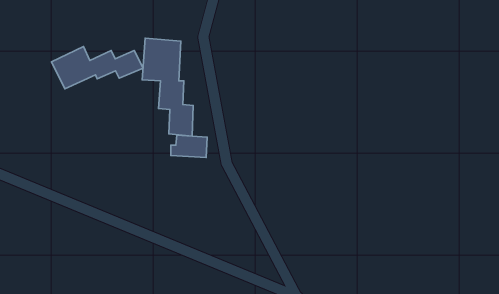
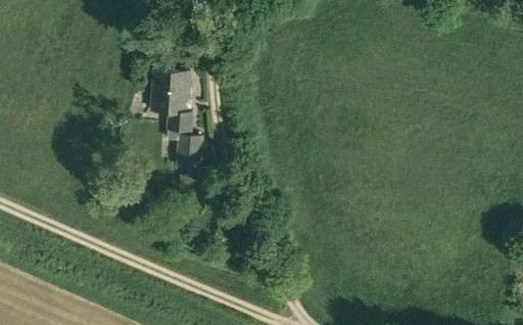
building: [51,47,143,89] -> none

